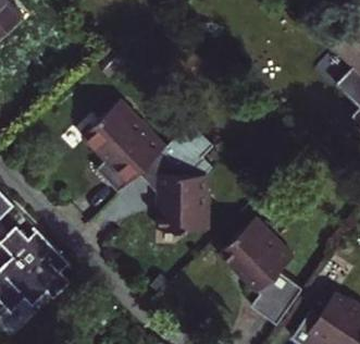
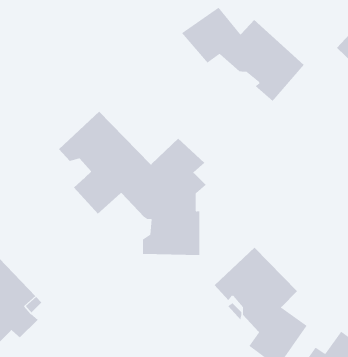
building: none -> [181,7,305,102]

